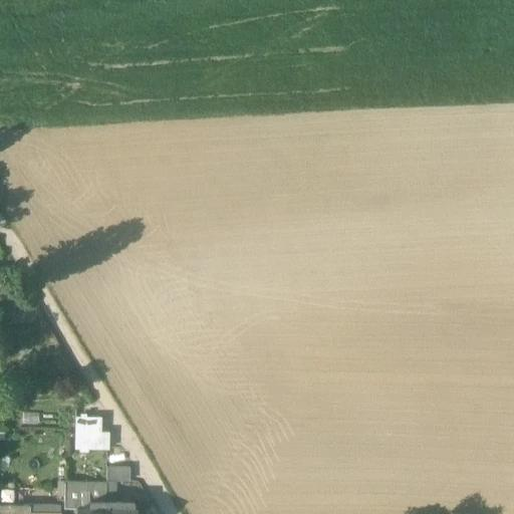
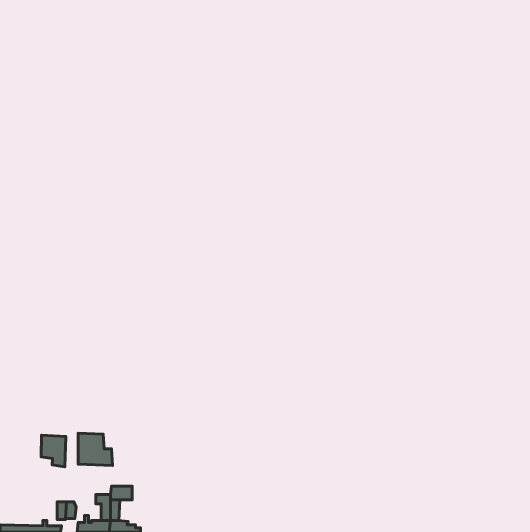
building: none -> [41,435,66,467]

